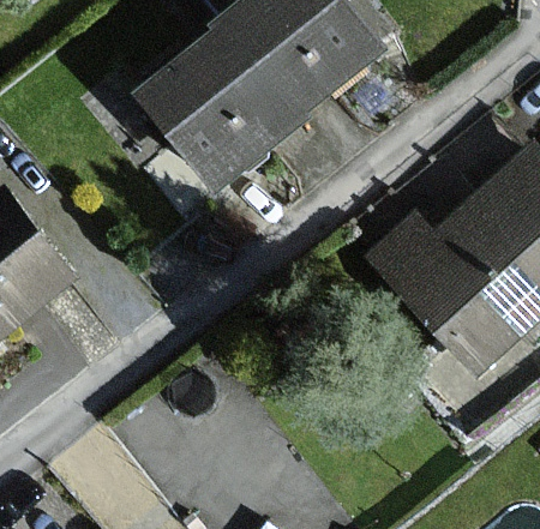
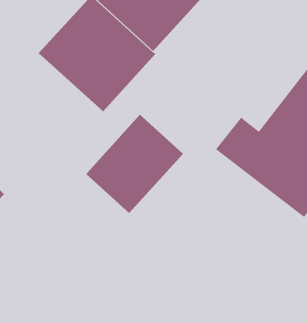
building: none -> [86,114,184,214]

